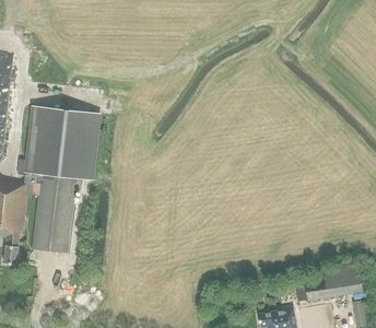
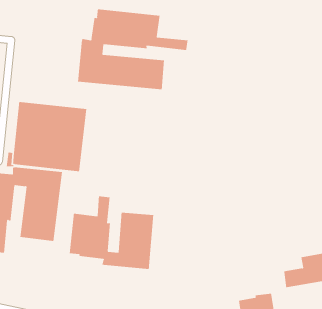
building: none -> [77,8,188,90]
building: none -> [69,196,154,270]

